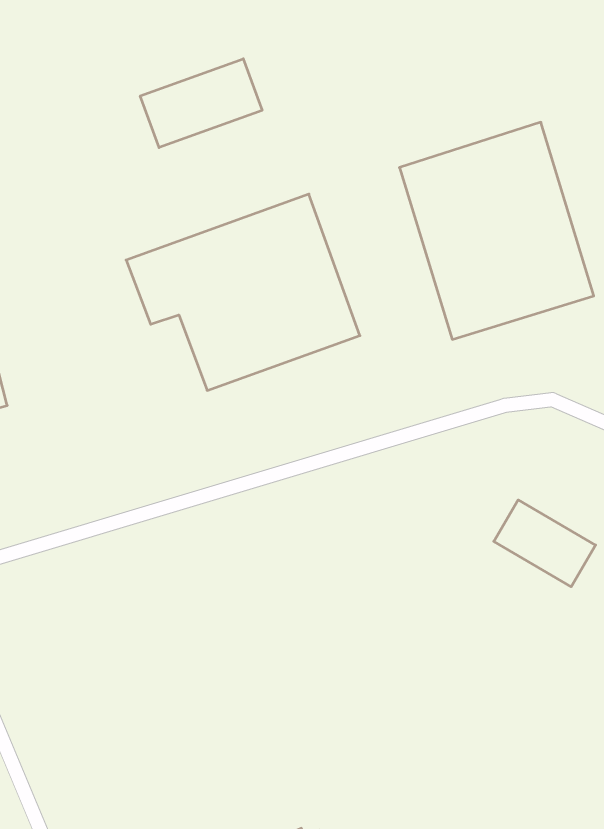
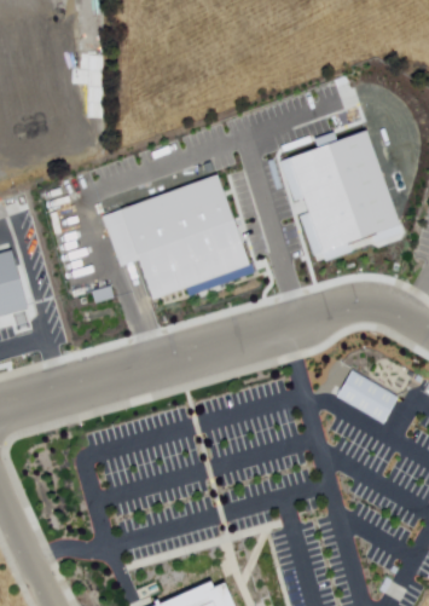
building: [140,59,262,148] -> none

